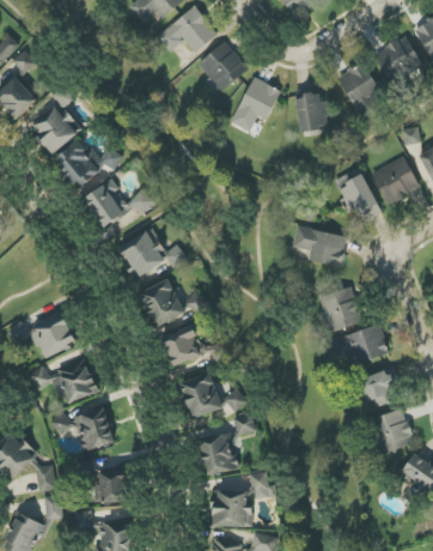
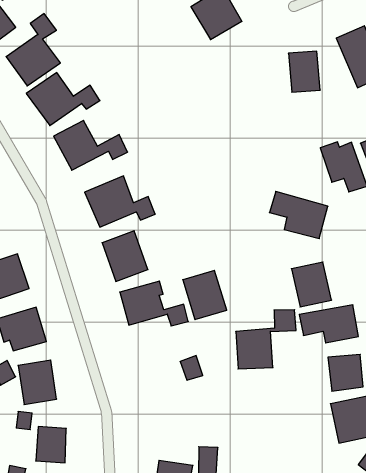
building: [233,77,281,131] -> none
building: [179,371,224,419] -> [183,270,227,320]
building: [200,413,256,474] -> [236,310,296,369]

